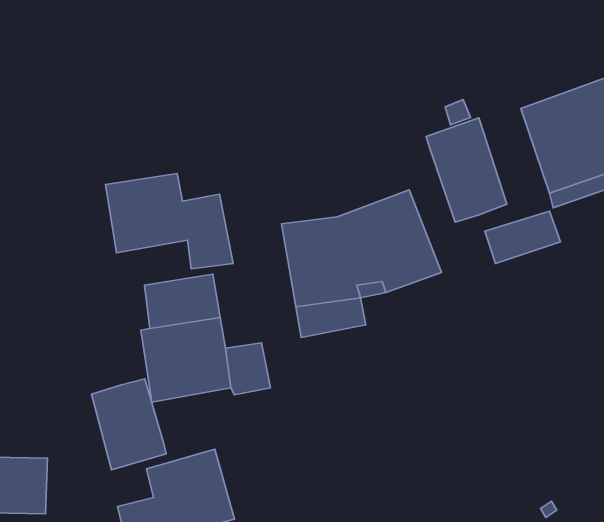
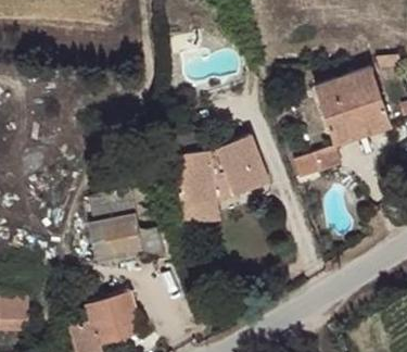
building: [426,118,507,222] -> none
building: [106,173,233,269] -> none
building: [91,379,166,470] -> none

